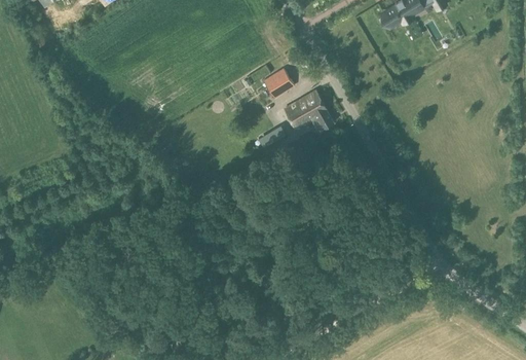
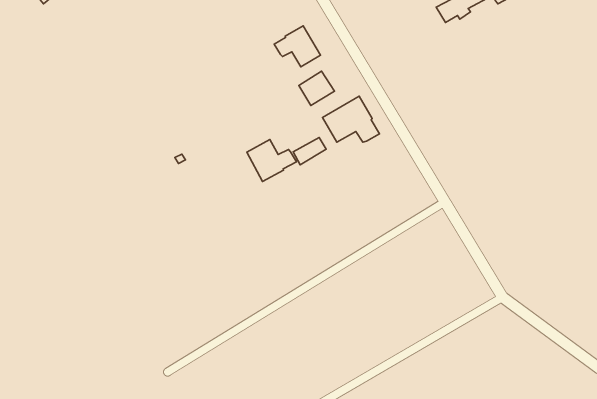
building: none -> [274,26,320,67]
building: none -> [247,140,296,182]

